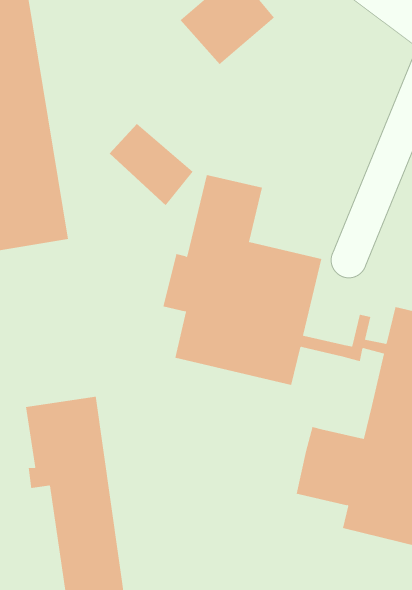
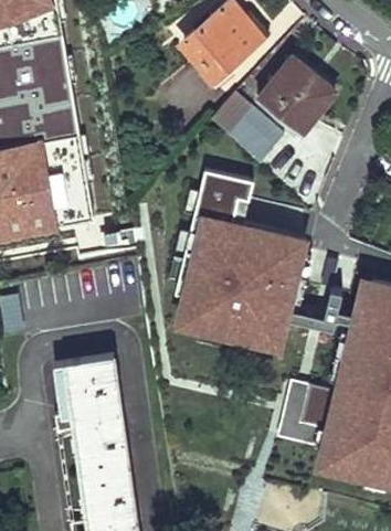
building: none -> [260,57,336,135]
building: [109,123,193,206] -> [213,93,284,162]

